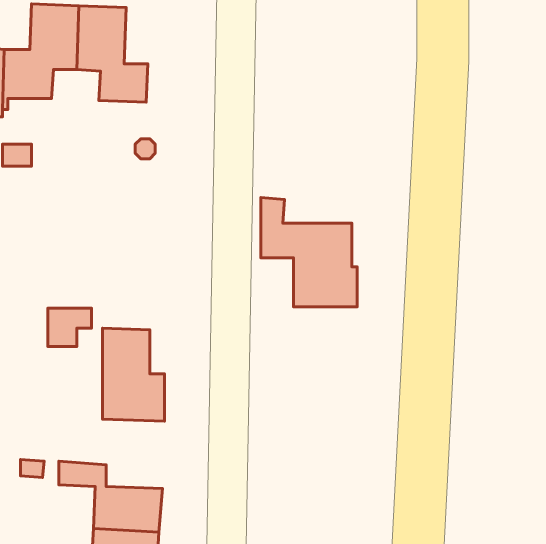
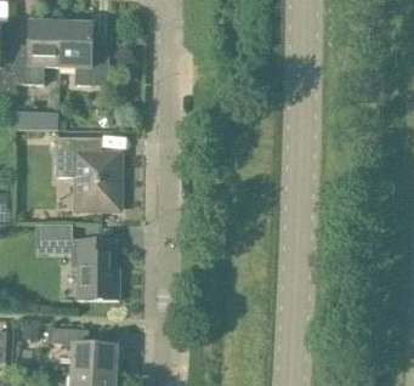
building: [261,198,357,307] -> [55,135,119,208]

